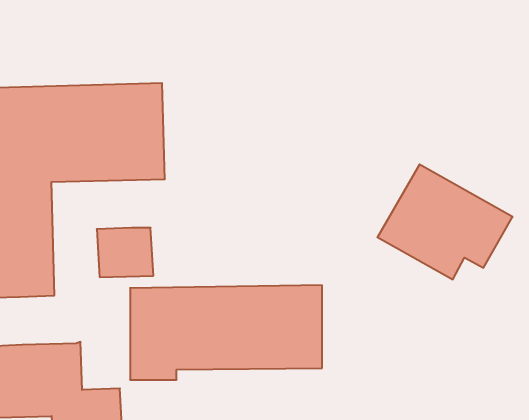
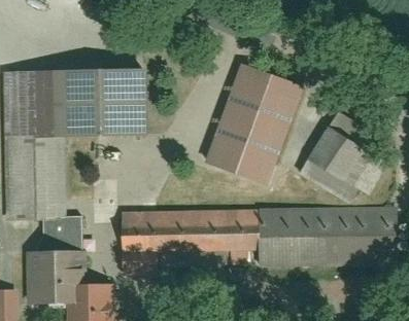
building: none -> [203,62,306,186]
building: [97,228,153,277] -> [43,216,83,251]
building: none -> [258,208,396,268]

